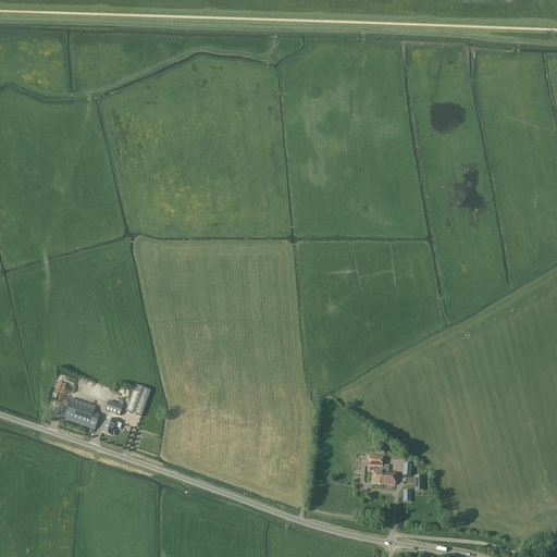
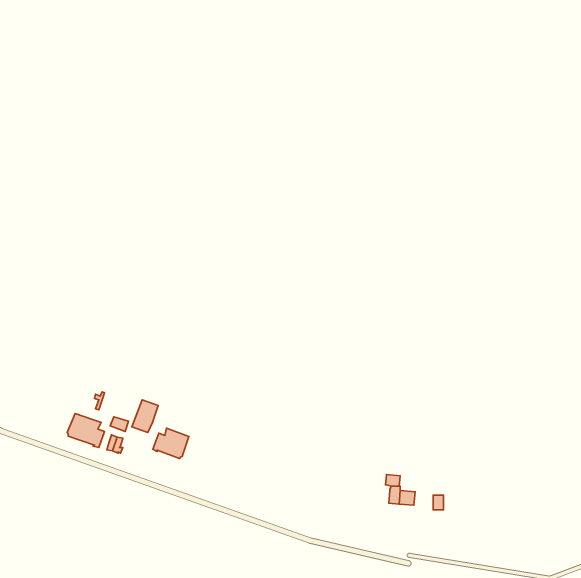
building: none -> [153,428,189,459]

